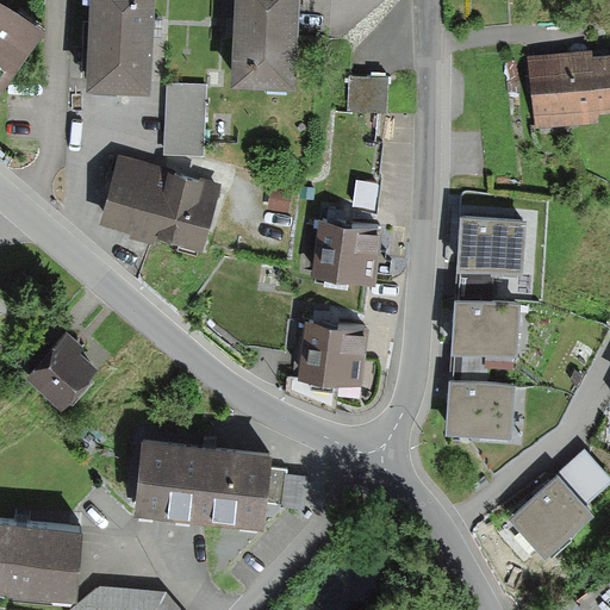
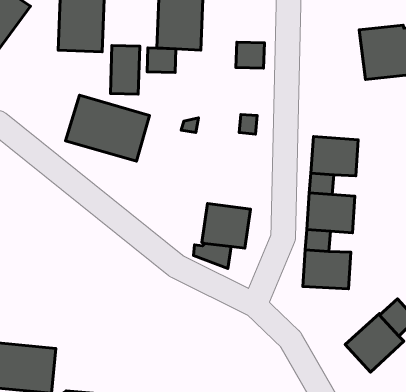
building: none -> [147,48,176,73]
building: [307,220,379,285] -> none
building: [18,329,99,407] -> none
building: [132,441,311,528] -> none

